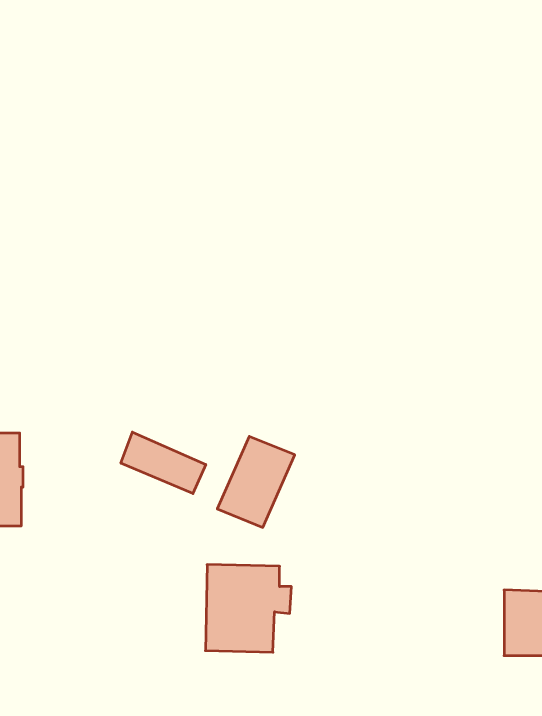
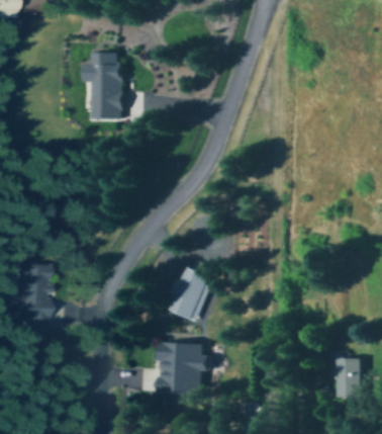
building: none -> [81,52,120,117]
building: [121,432,206,494] -> none

